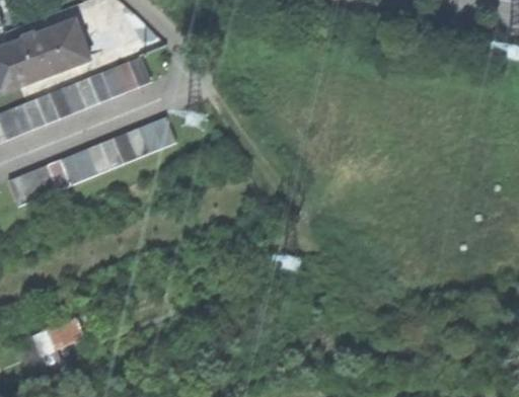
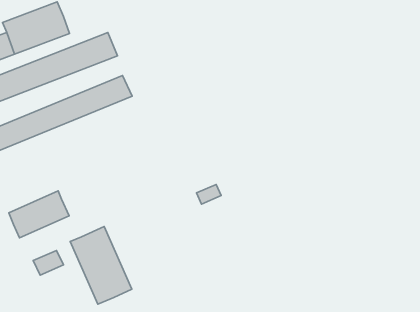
building: none -> [9,191,69,238]
building: none -> [70,226,132,304]

